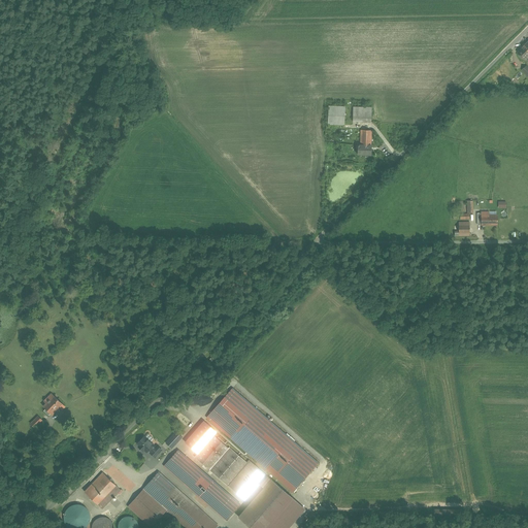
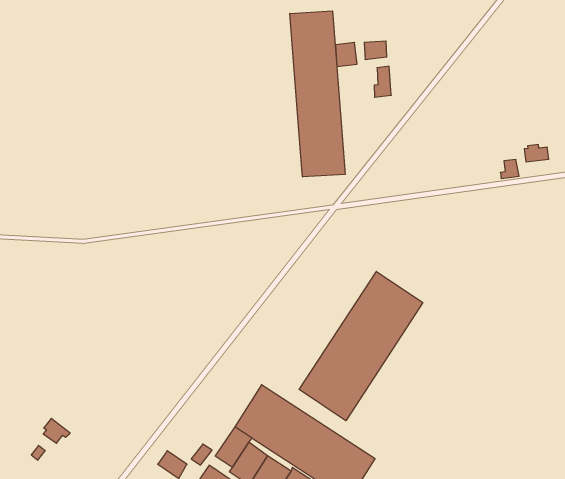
building: none -> [290,11,345,177]
building: none -> [299,271,423,421]

